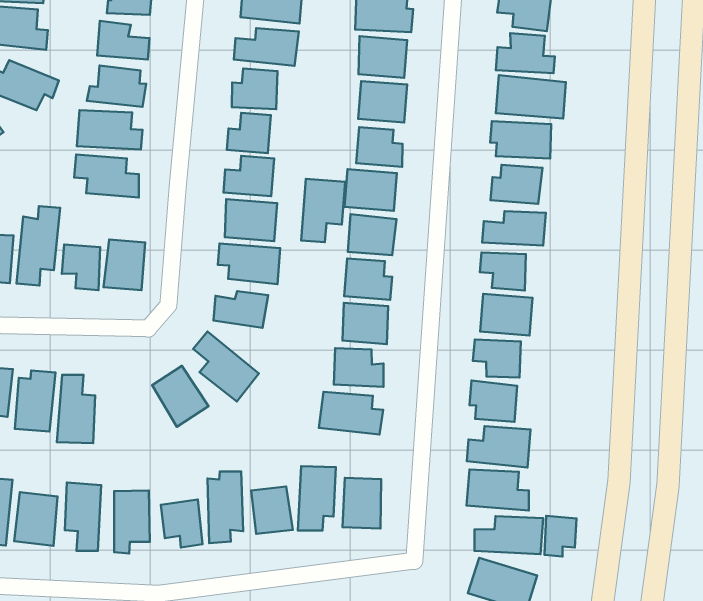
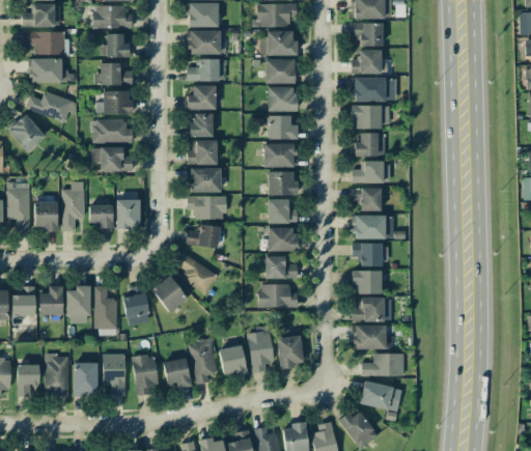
building: [301,179,345,242] -> none
building: none -> [123,284,149,326]
building: [545,516,576,556] -> none

